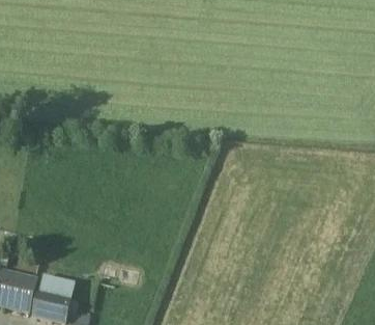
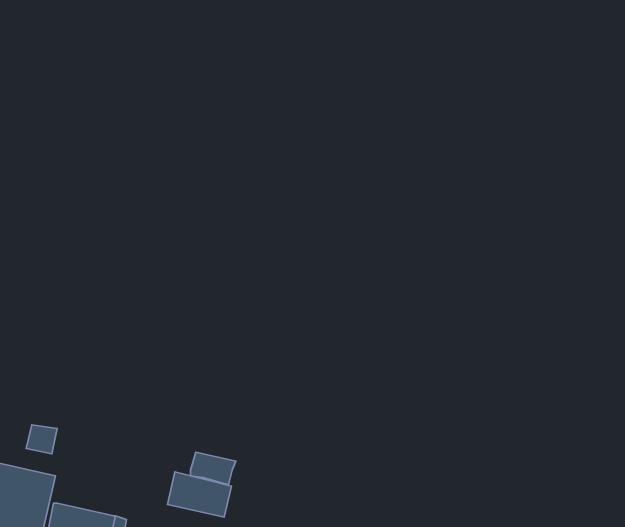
building: [41,274,78,300] -> [168,472,231,517]

